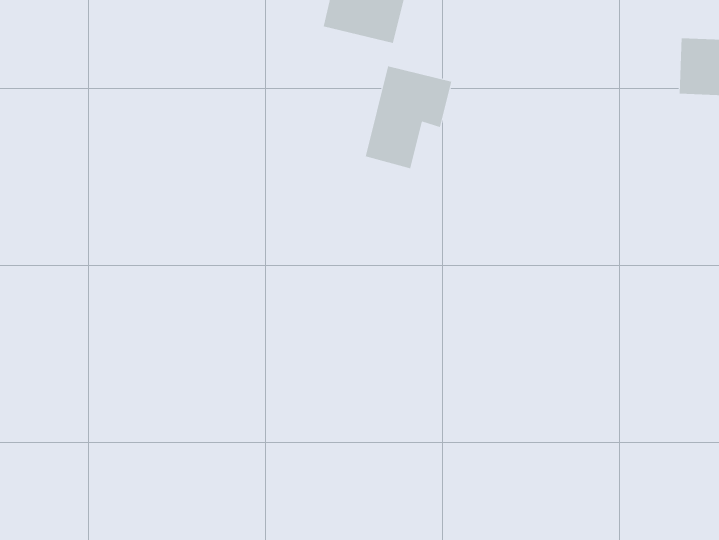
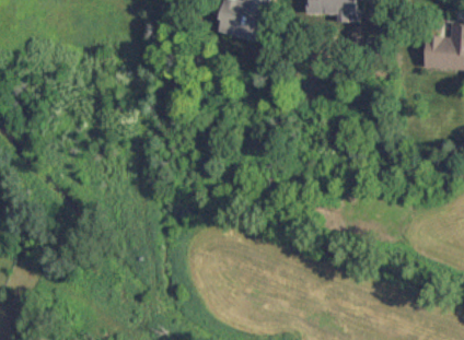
building: [365,66,452,169] -> none

